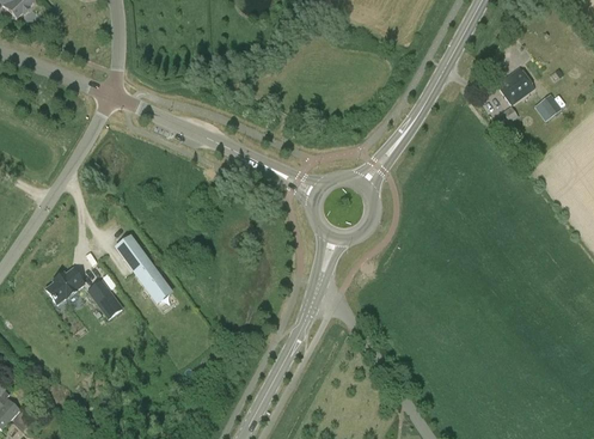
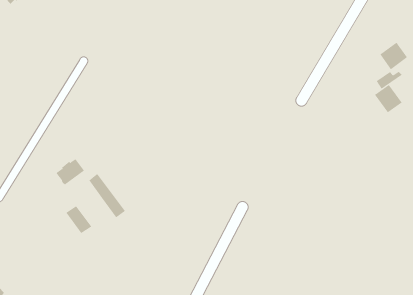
building: none -> [374,84,402,113]
building: [45,268,84,303] -> [56,158,85,185]

